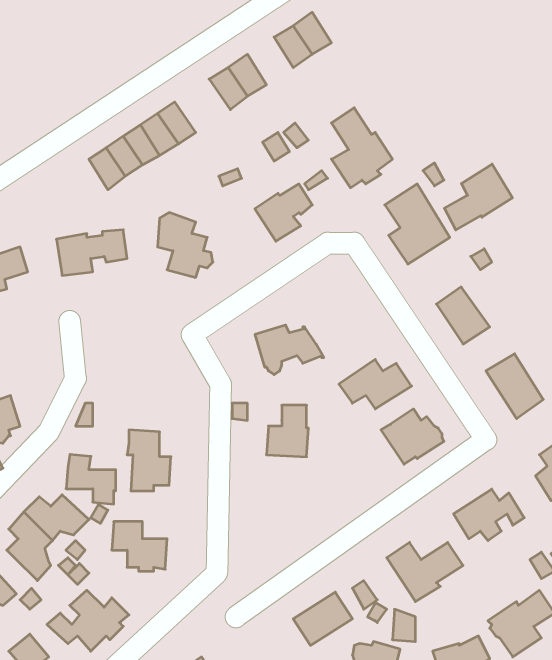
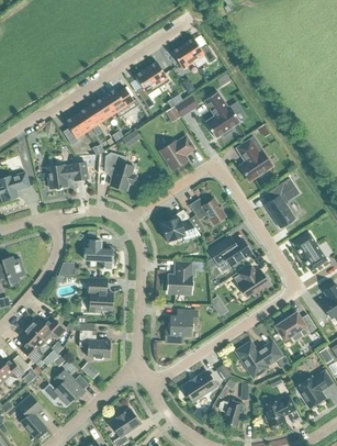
building: [444,164,512,230] -> none
building: none -> [190,199,226,225]
building: [66,454,116,504] -> [85,241,113,269]
building: none -> [166,311,198,343]

